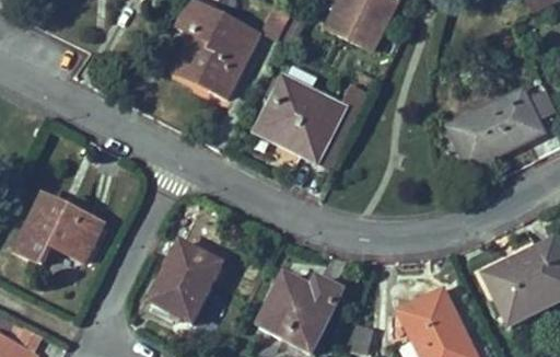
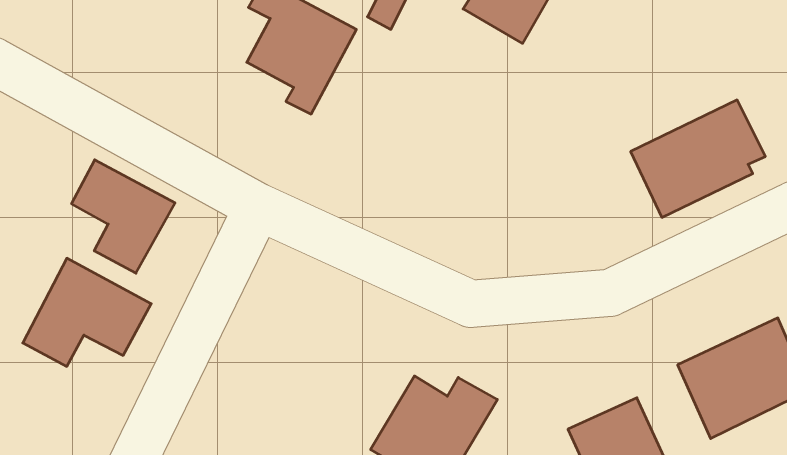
building: [253,59,357,165] -> none
building: none -> [72,160,175,273]
building: [152,245,228,327] -> none

